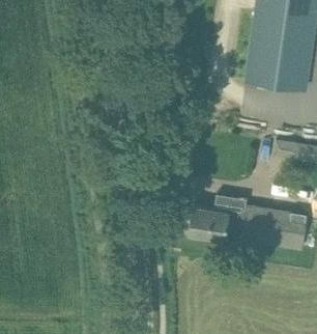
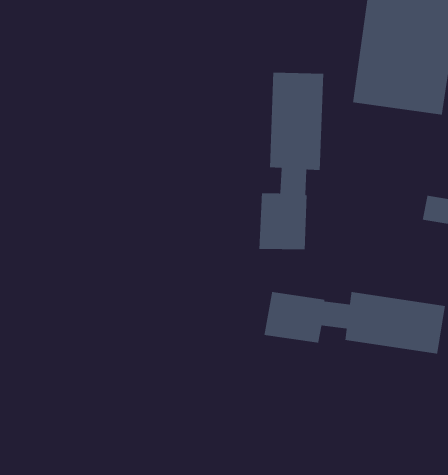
building: none -> [259,72,324,250]

